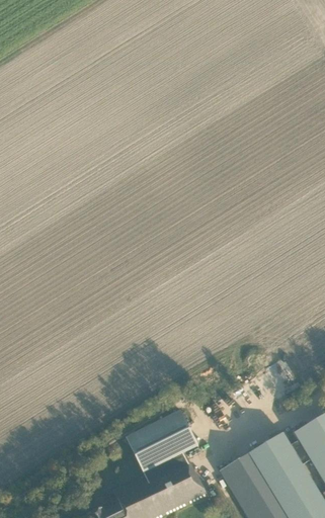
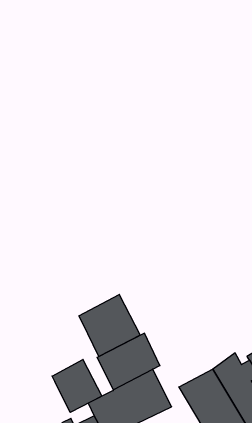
building: none -> [79,294,140,356]
building: none -> [52,359,102,412]

